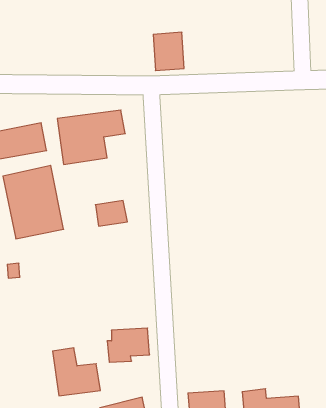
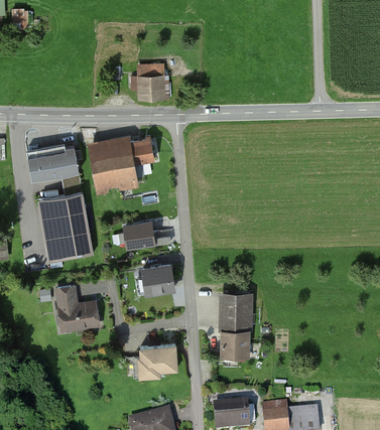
building: [153,32,184,71] -> [137,63,166,100]
building: none -> [141,263,174,293]
building: none -> [220,291,250,356]
building: [53,348,100,396] -> [54,284,100,329]

